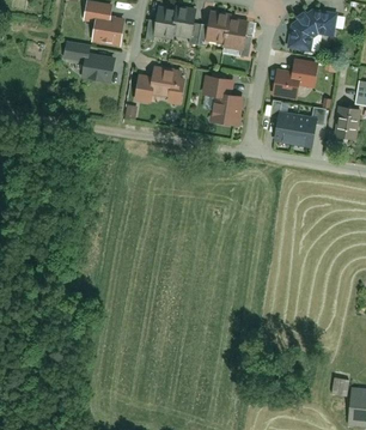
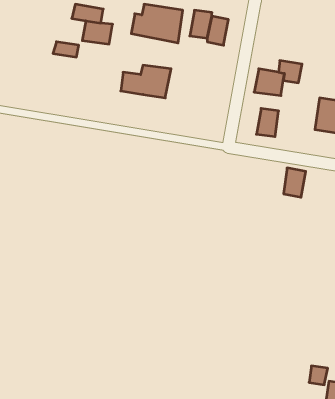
building: [289,7,336,52] -> none
building: [89,60,120,83] -> none
building: [206,73,248,125] -> none
building: [294,115,317,145] -> [284,168,306,197]

